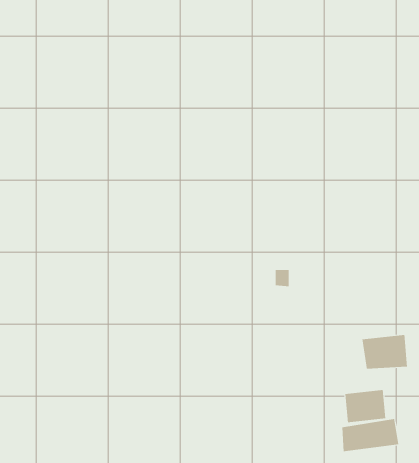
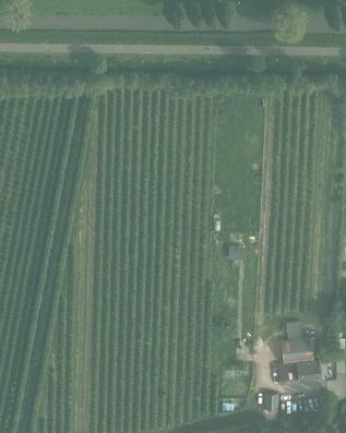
building: [362,334,408,369] -> none

